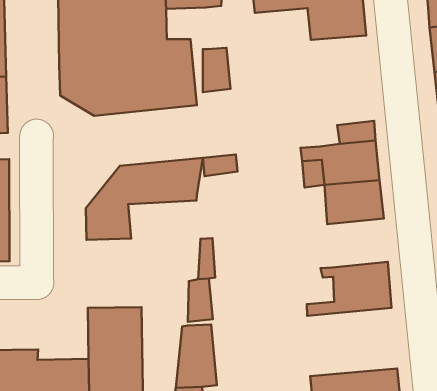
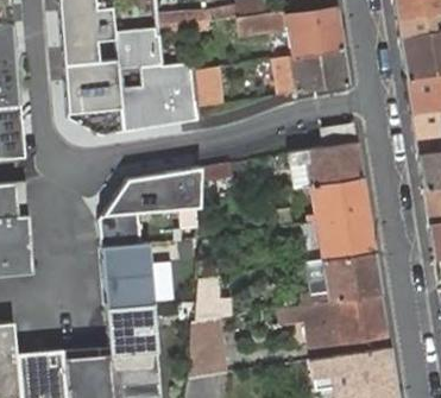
building: none -> [275,48,349,95]
building: none -> [282,213,376,260]
building: none -> [101,245,155,310]
building: none -> [283,293,389,348]

